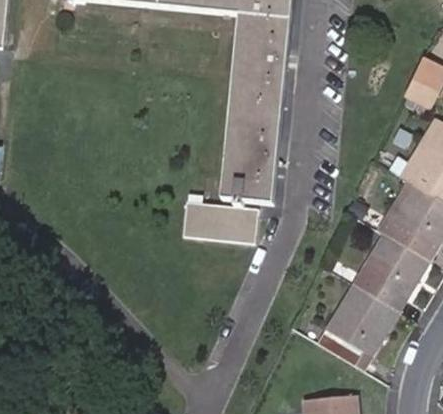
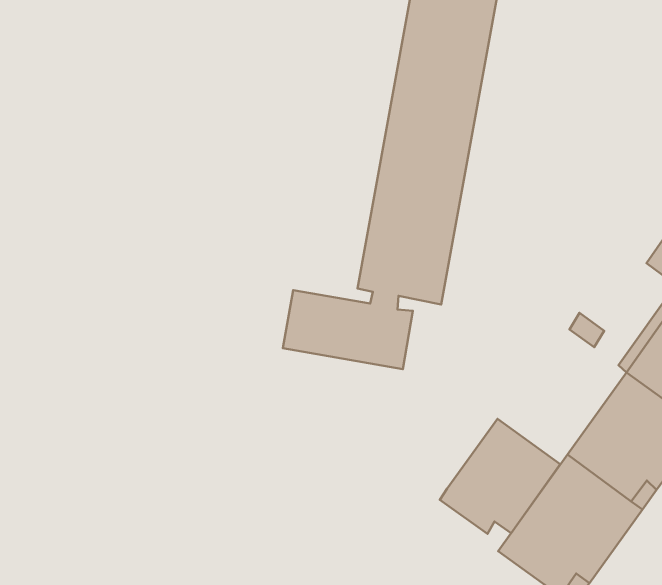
building: none -> [440,419,560,534]

